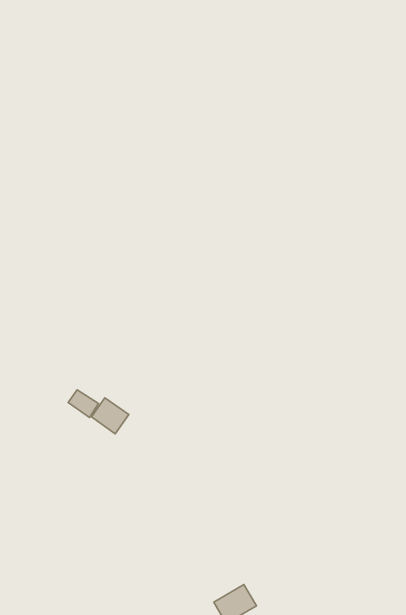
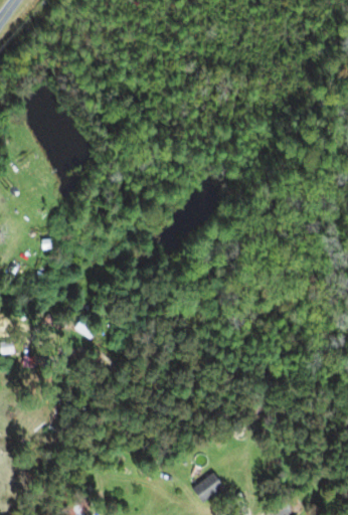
building: [91,398,129,434] -> none

